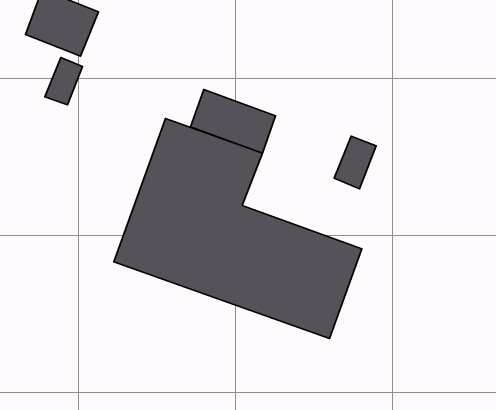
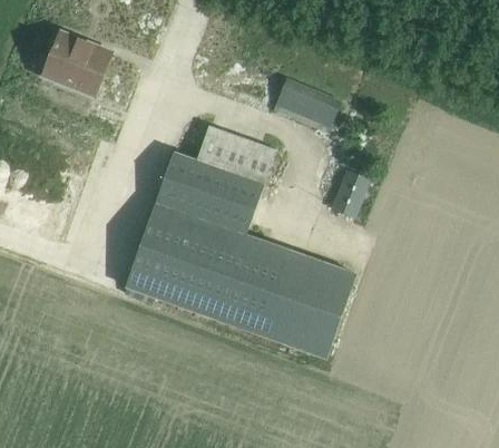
building: none -> [276,79,341,128]
building: [45,57,83,105] -> none

